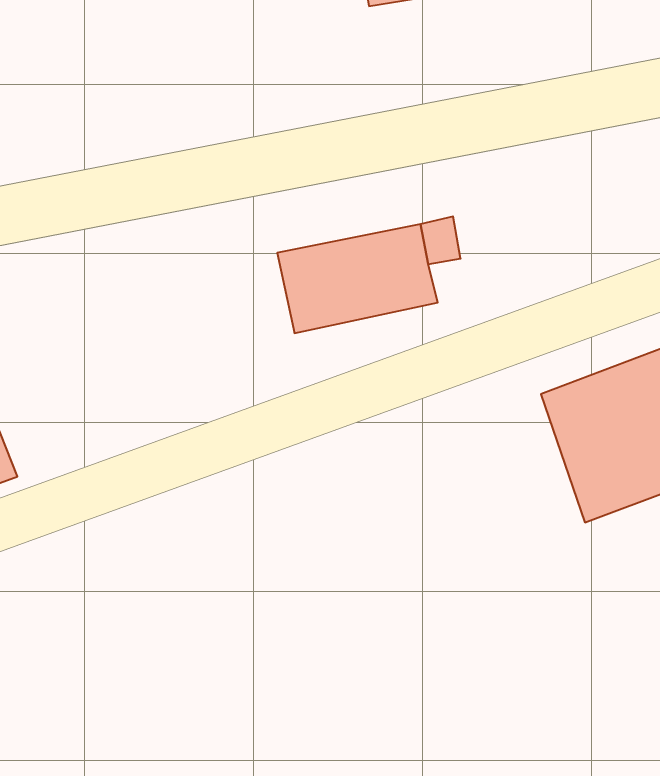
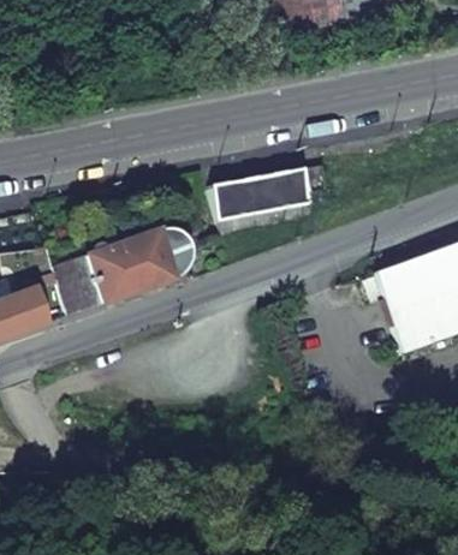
building: none -> [50,228,186,315]

